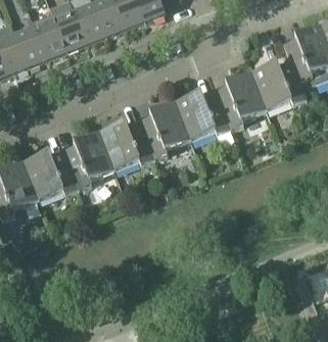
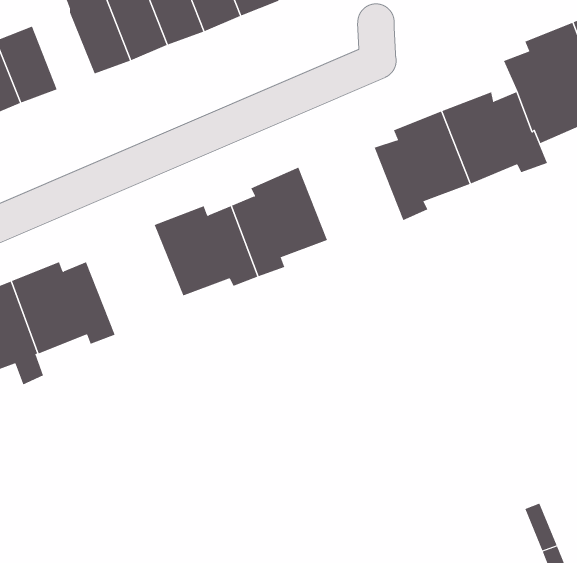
building: [35,18,67,59] -> none
building: [176,90,231,139] -> none
building: [63,131,114,189] -> none

